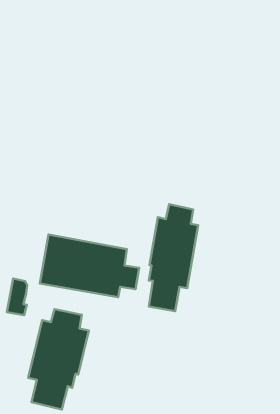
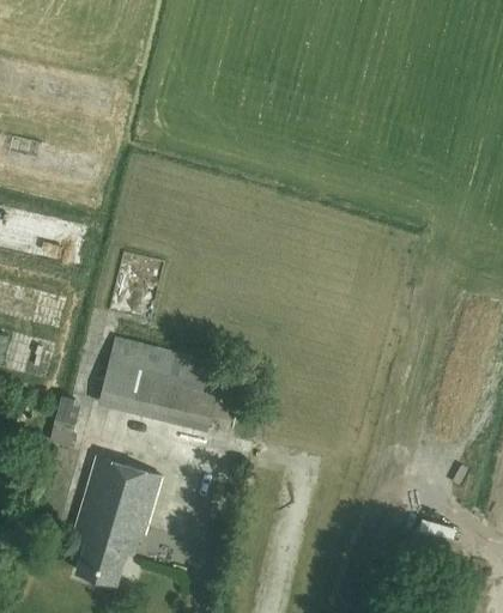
building: [149,204,198,311] -> none

